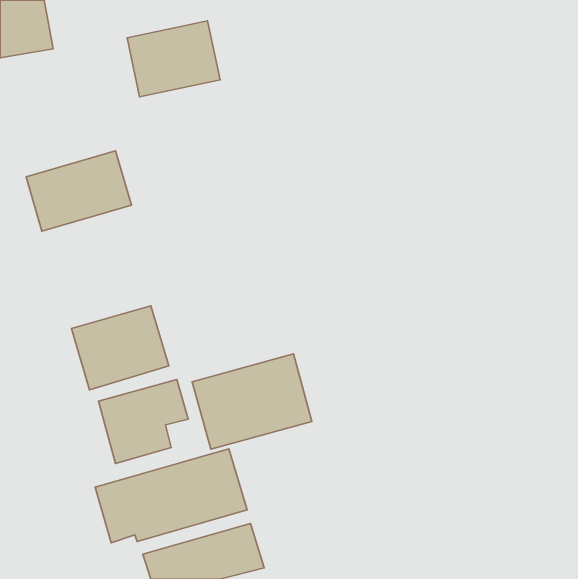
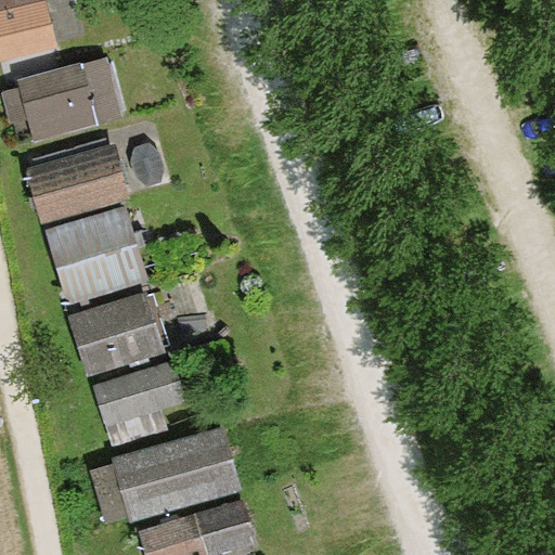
building: [127,21,220,97] -> [24,61,113,133]
building: none -> [47,208,145,302]
building: [192,354,312,449] -> none

